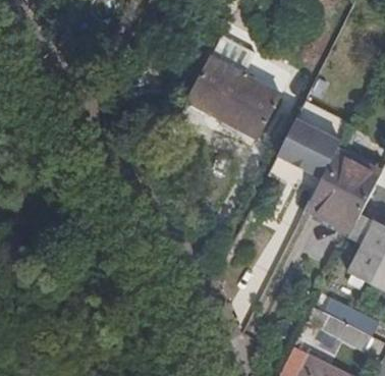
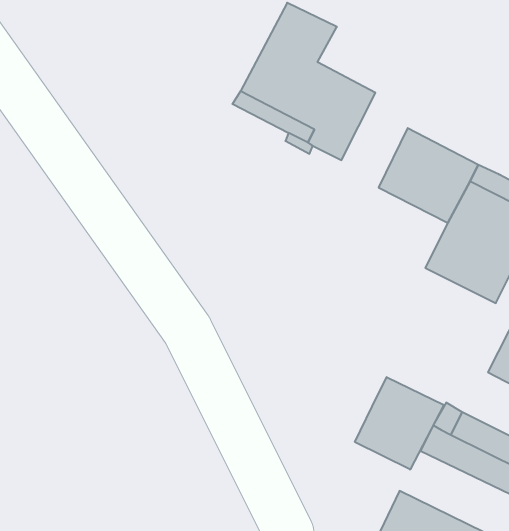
building: none -> [355,377,444,470]

